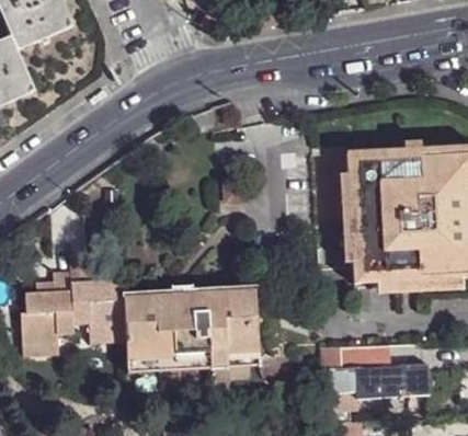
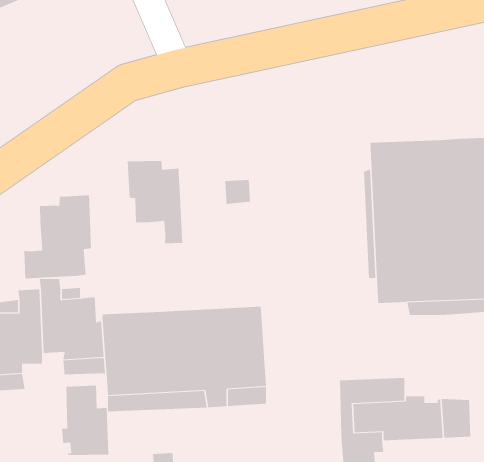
building: none -> [127,160,183,244]
building: none -> [24,194,92,279]
building: none -> [61,385,109,456]

